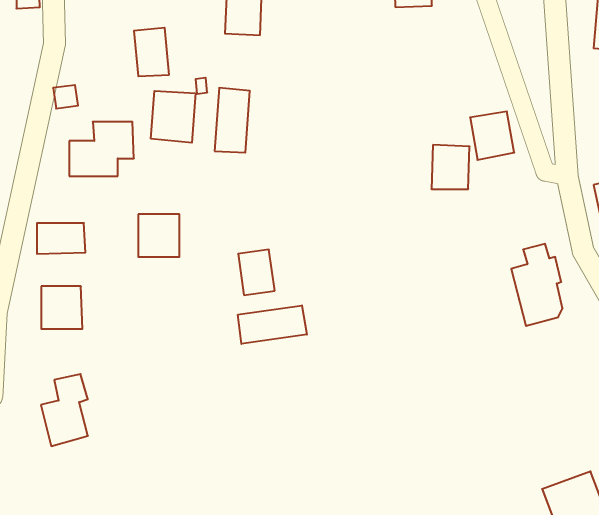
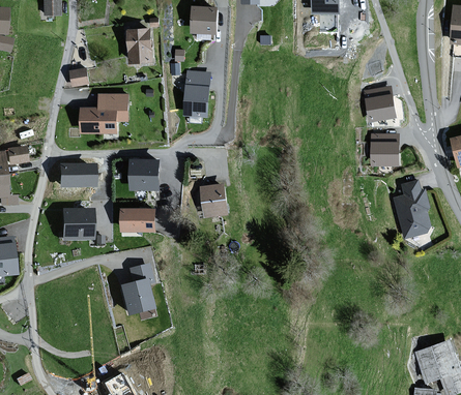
building: [151,91,195,143] -> none
building: [431,145,470,189] -> [371,133,398,164]
building: none -> [120,209,154,231]
building: [238,305,307,344] -> none
building: [41,374,88,446] -> [118,265,151,315]

